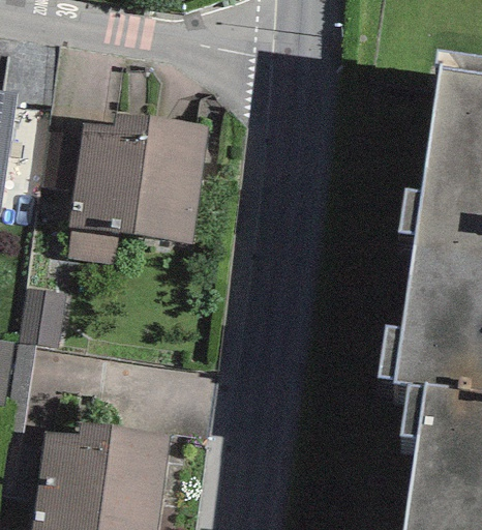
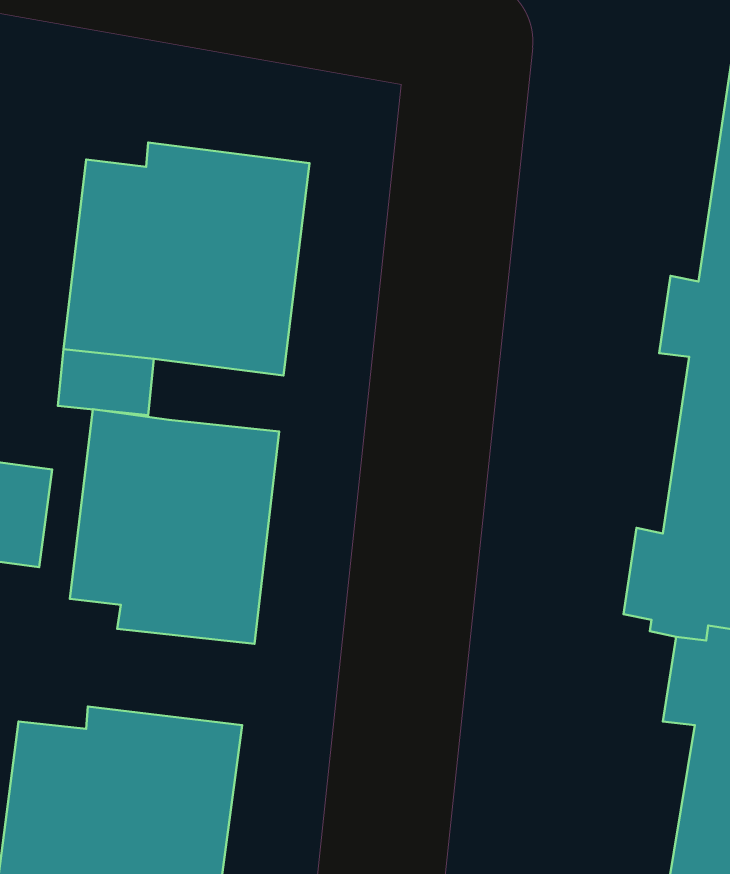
building: none -> [70,409,279,644]

